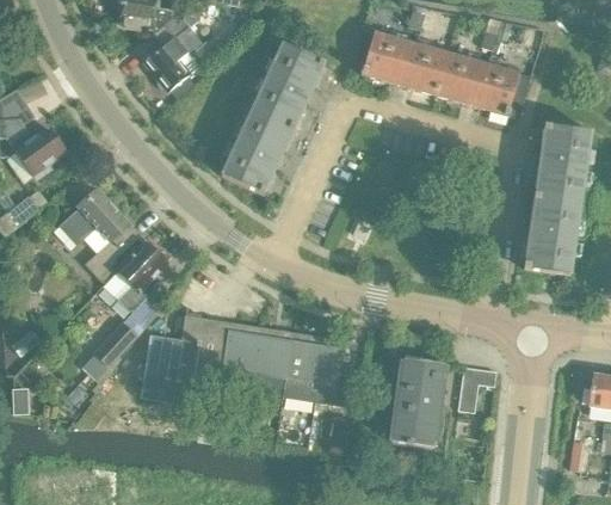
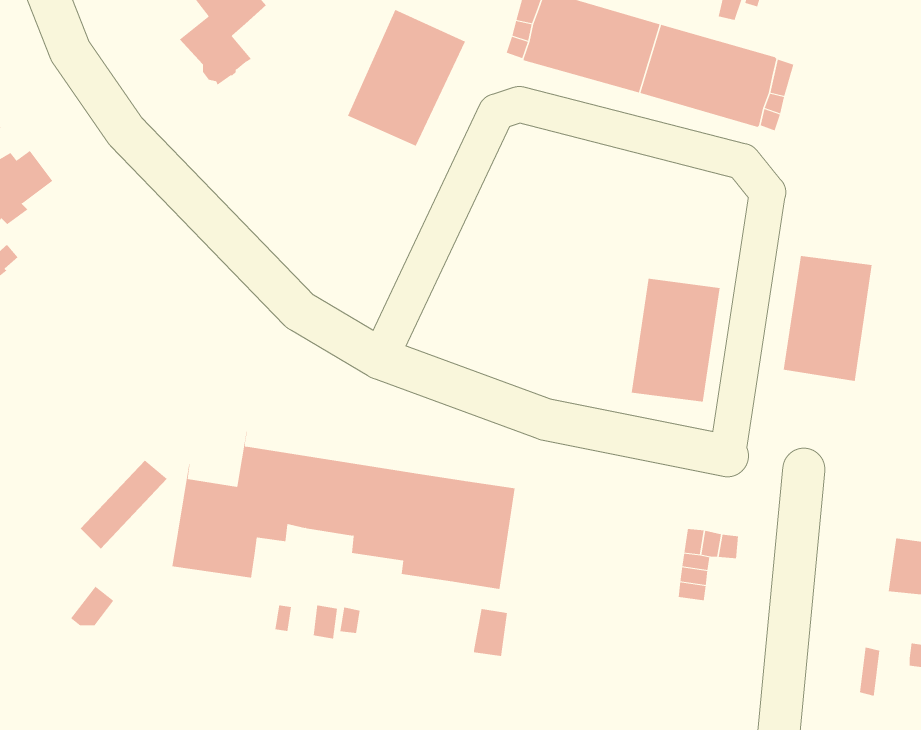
building: [221,109,294,195] -> none
building: [533,124,590,202] -> [631,278,721,402]
building: [58,187,140,278] -> none
building: [116,241,167,313] -> none
building: [390,358,444,448] -> none

